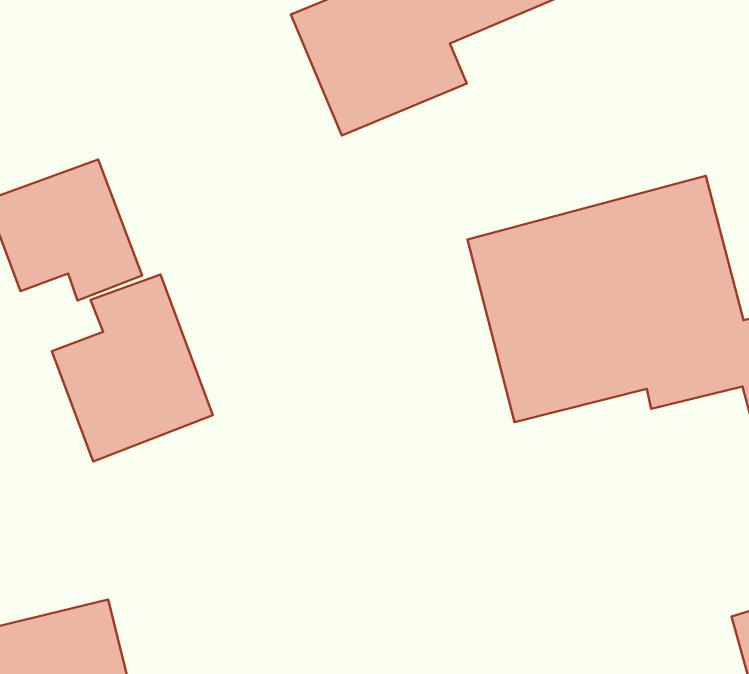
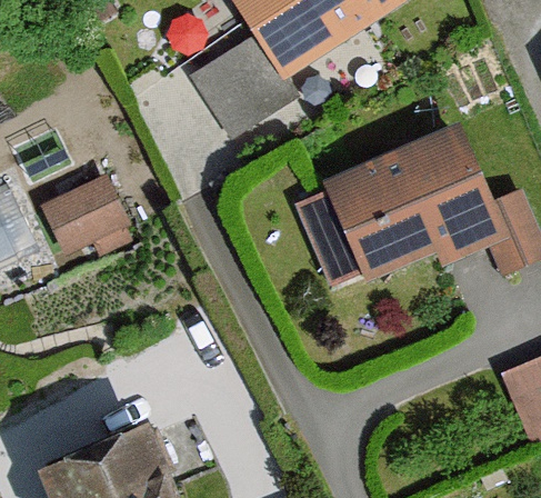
building: [52,275,213,461] -> none

